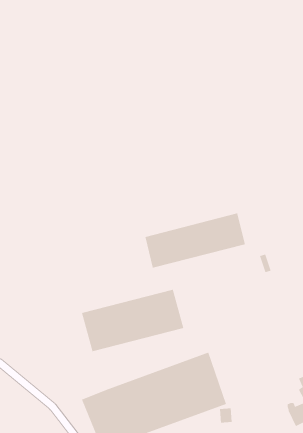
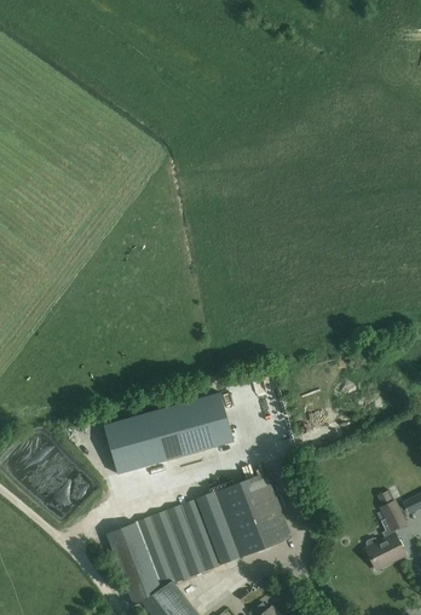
building: [145,213,245,269] -> none

